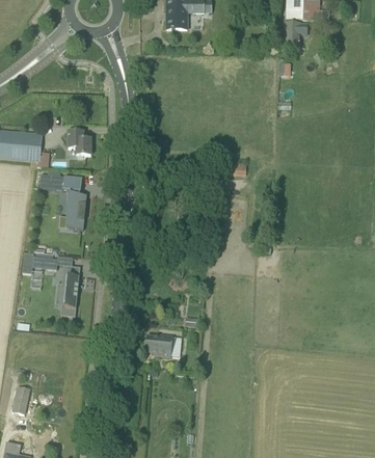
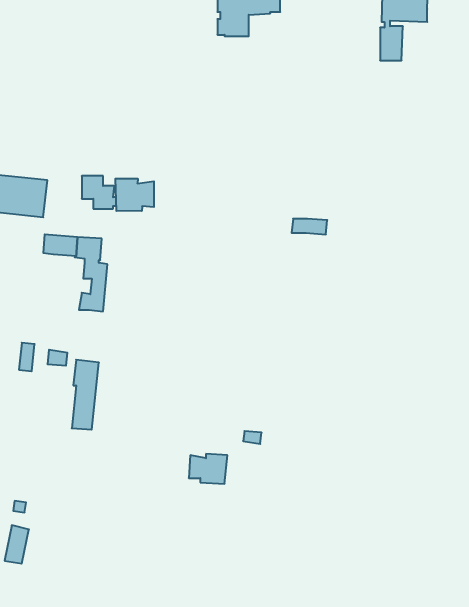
building: none -> [115,179,154,211]

